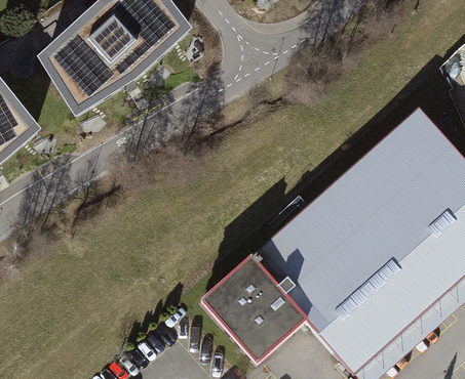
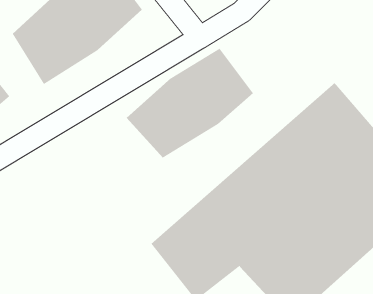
building: none -> [126,48,254,158]

